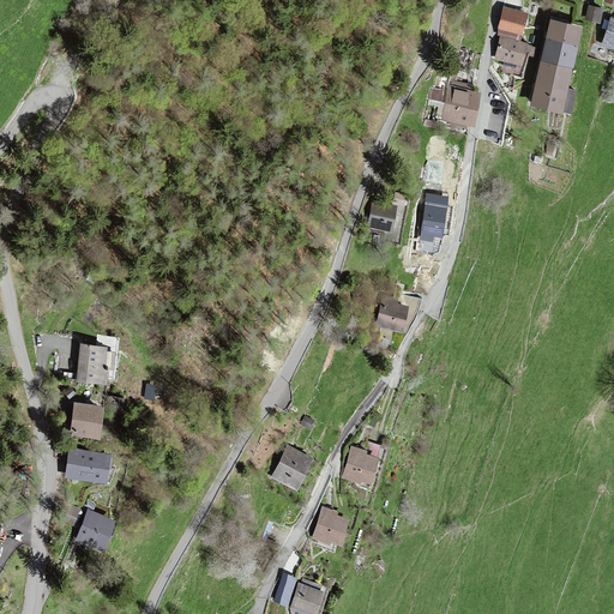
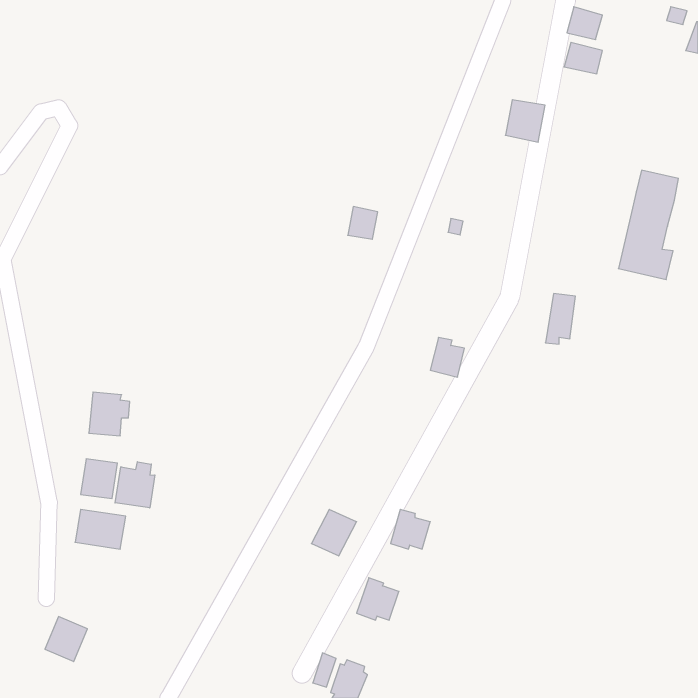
building: [530,19,583,115] -> [618,170,678,280]
building: [421,195,447,240] -> [545,294,575,344]
building: [369,201,396,230] -> [348,207,378,239]
building: none -> [115,462,155,508]
building: [78,511,115,550] -> [45,617,87,662]

